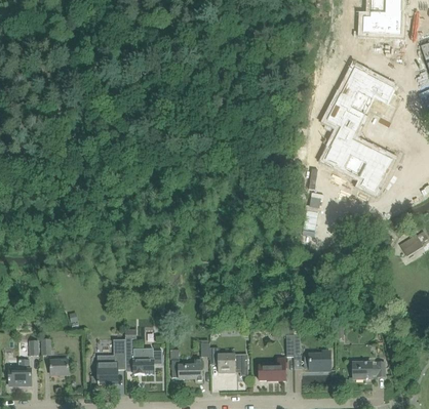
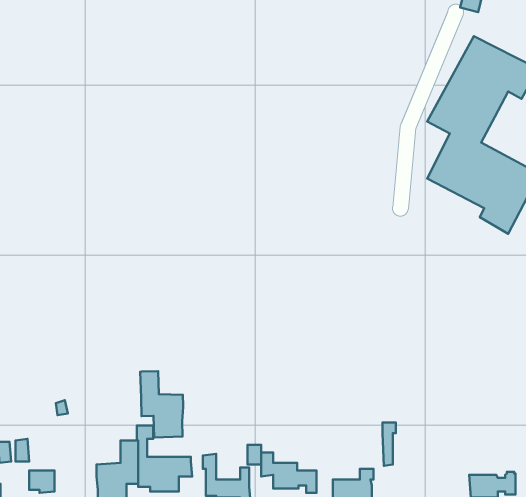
building: none -> [140,371,183,437]
building: [304,352,329,370] -> none

